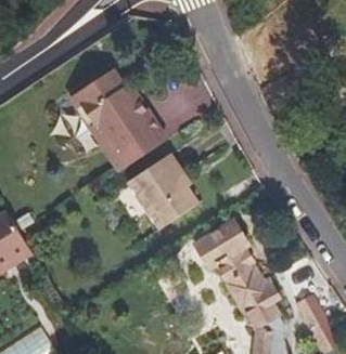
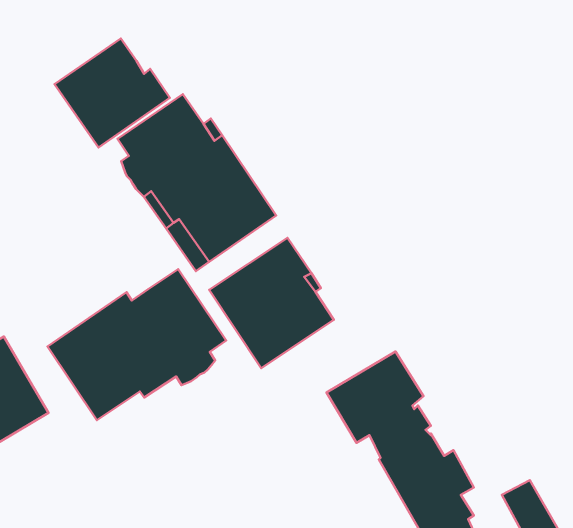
building: none -> [54,38,170,147]
building: none -> [48,269,226,420]

